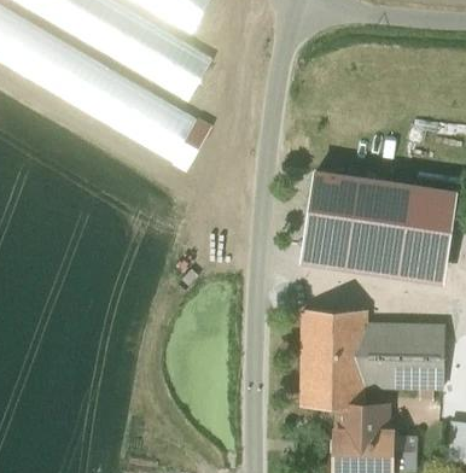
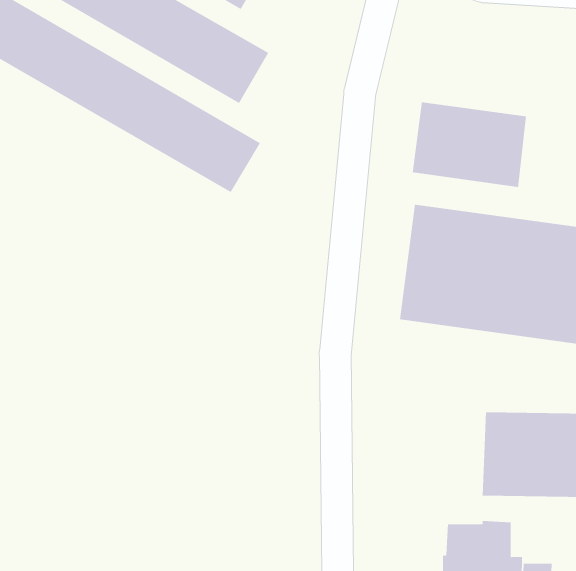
building: none -> [412,101,526,188]
building: [302,311,367,408] -> none

